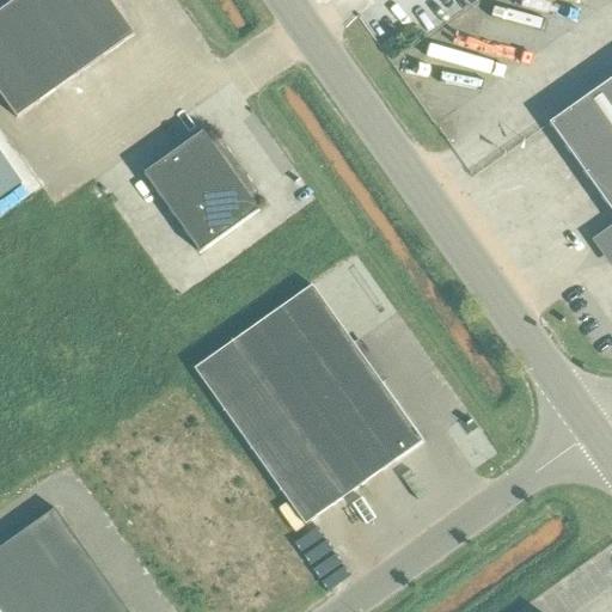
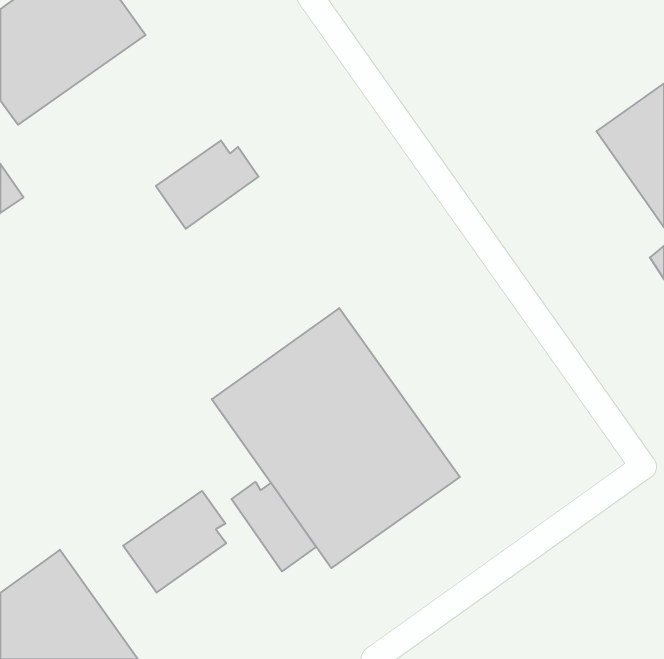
building: [171,163,258,250] -> none
building: none -> [231,482,316,571]
building: none -> [123,491,226,593]

